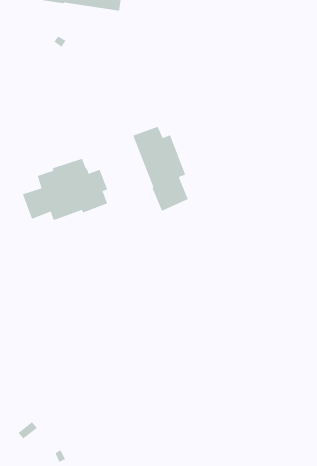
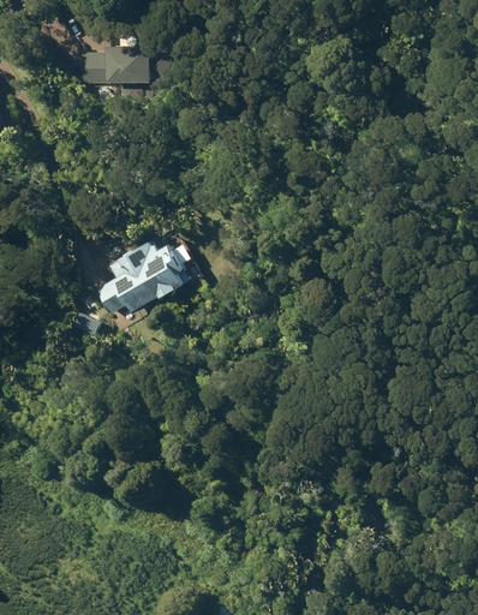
building: [132,126,189,212] -> none

